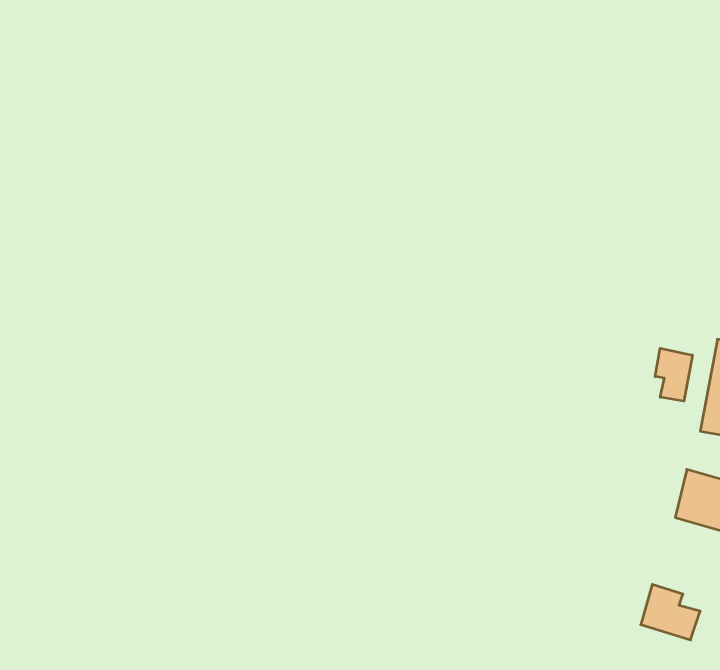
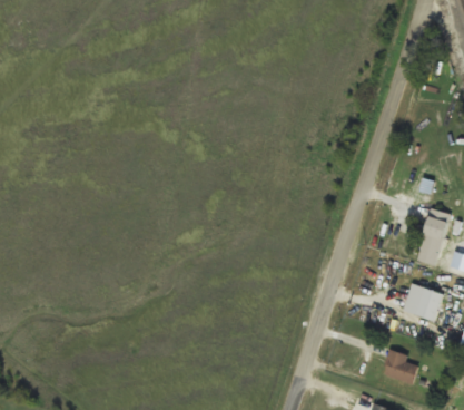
building: [655,348,692,401] -> none

